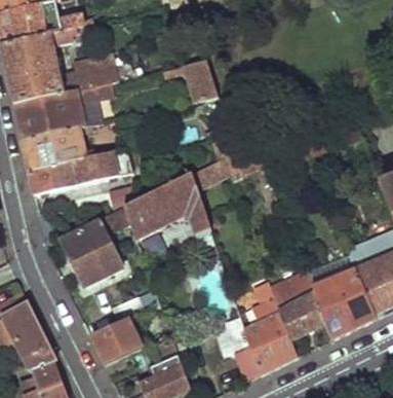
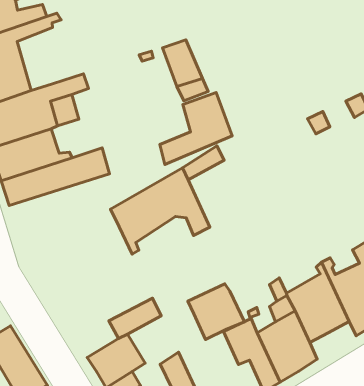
building: [76,50,118,86] -> none
building: none -> [160,92,232,164]
building: [61,204,130,286] -> none
building: none -> [188,284,244,340]

